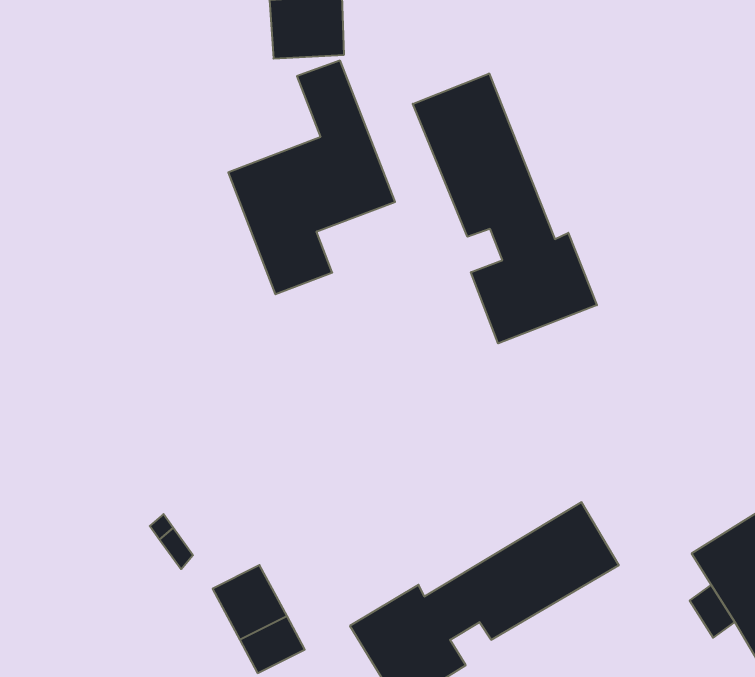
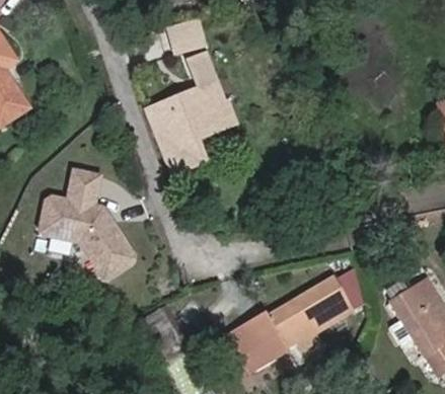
building: [413,73,597,343] -> none
building: none -> [38,167,136,280]

